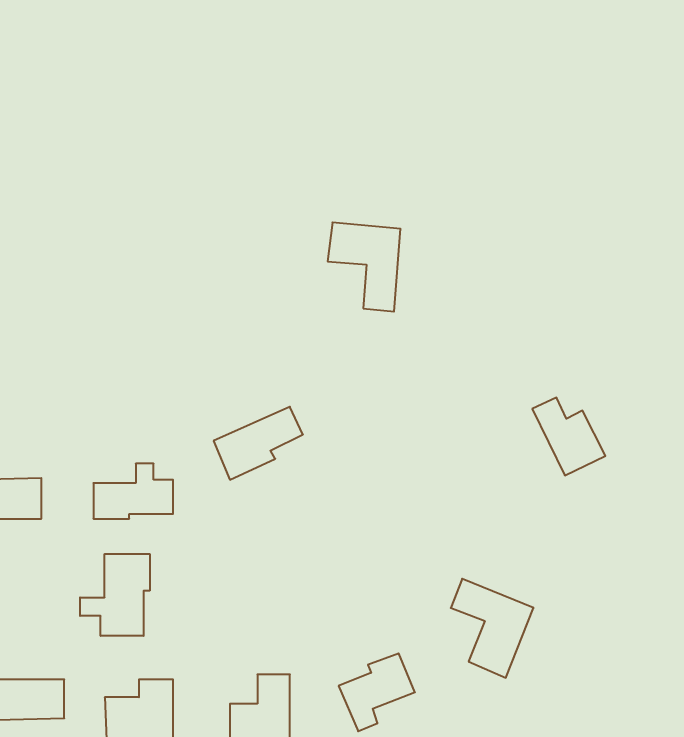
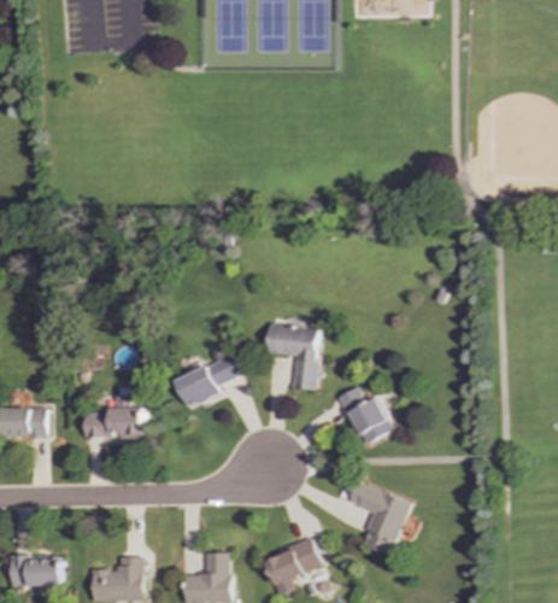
building: [328,222,401,312] -> [264,324,318,391]
building: [532,398,605,475] -> [339,387,393,445]
building: [80,554,150,636] -> none

